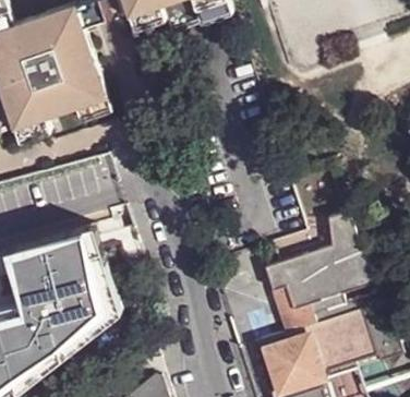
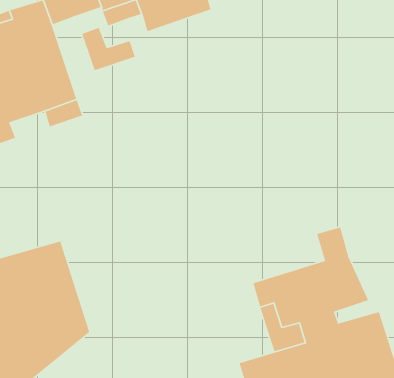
building: none -> [81,27,136,71]

